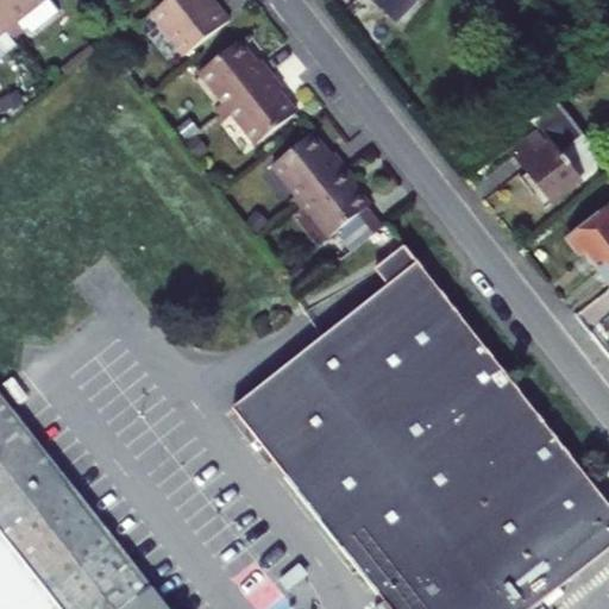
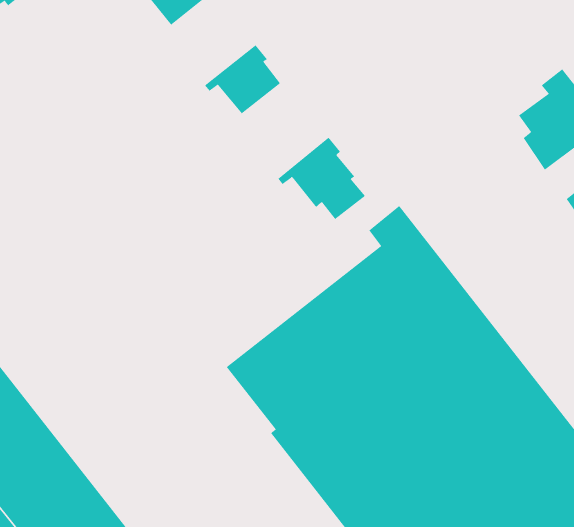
building: [193,50,263,124] -> none
building: [266,144,335,216] -> none

